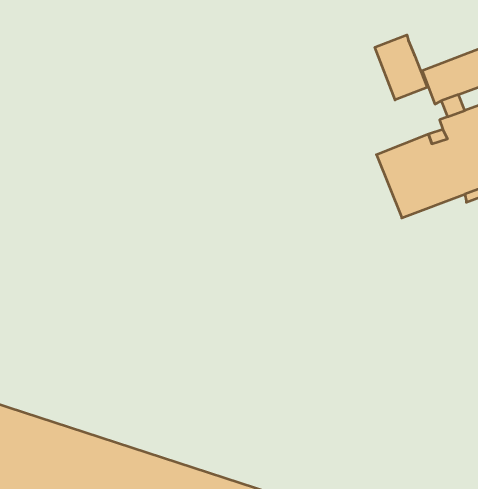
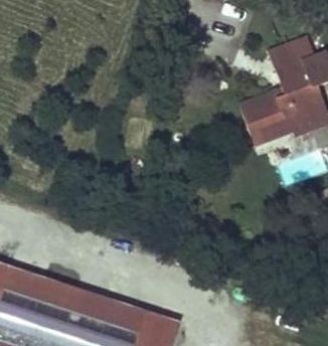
building: [375,35,427,100] -> none

